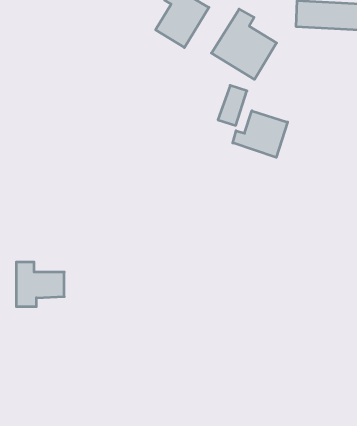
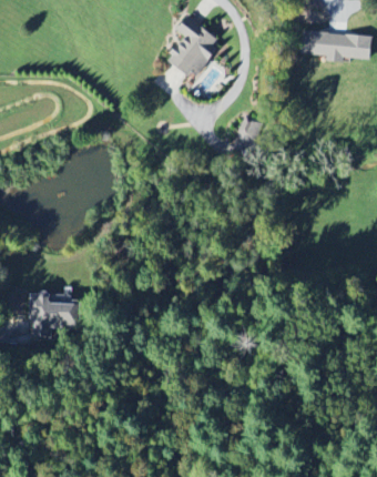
building: [211,9,277,79] -> none
building: [233,111,288,157] -> none

